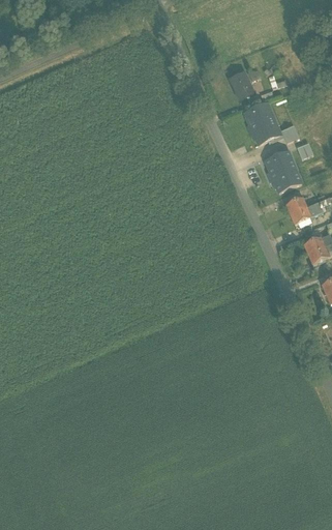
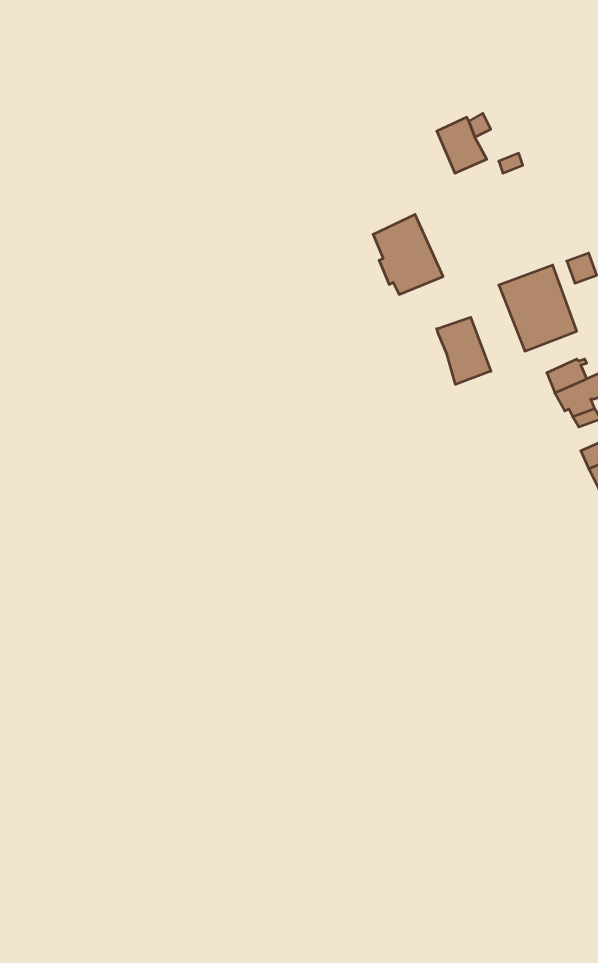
building: [244,101,280,143] -> [373,214,443,294]
building: none -> [437,317,491,384]

